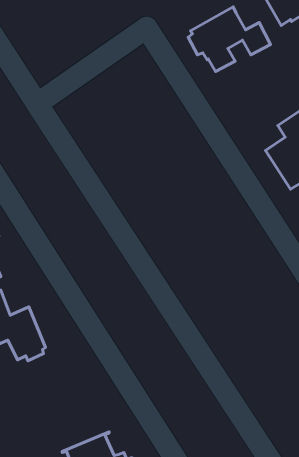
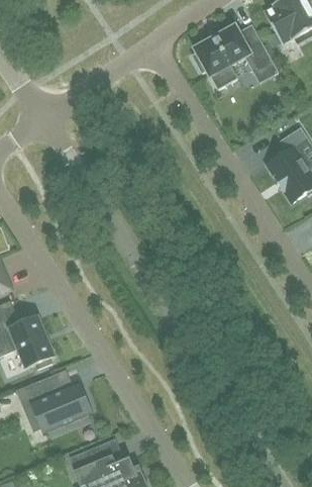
building: none -> [25,375,91,432]

